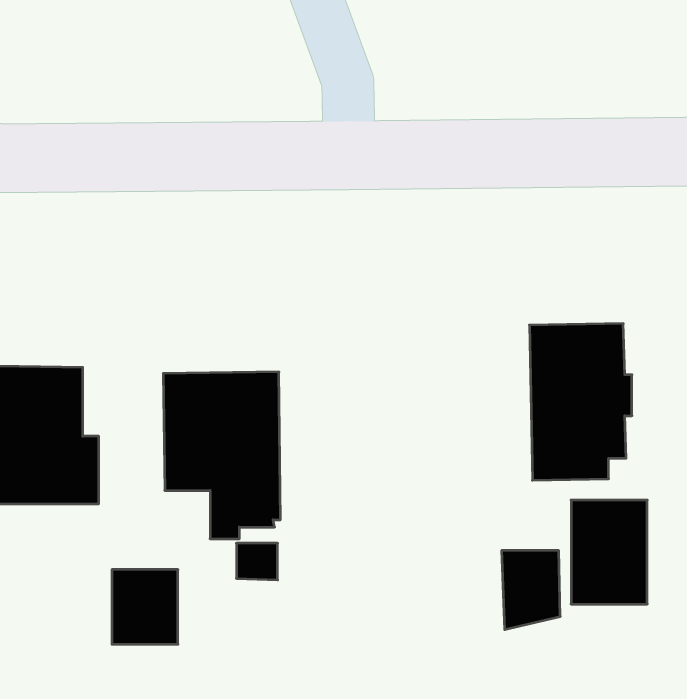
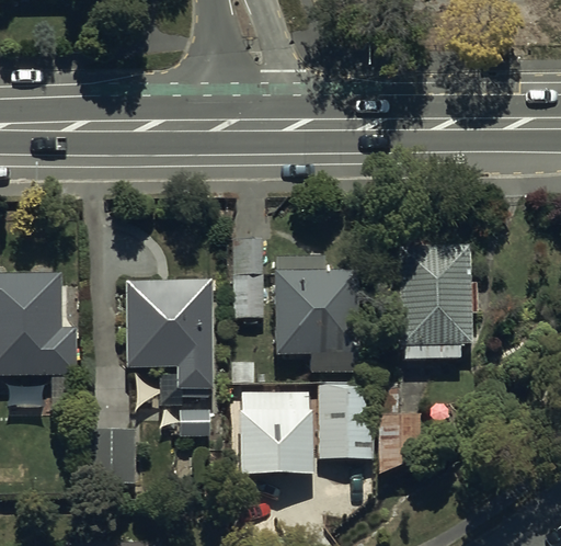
building: none -> [276,253,356,372]
building: [571,500,647,604] -> [317,380,374,458]
building: none -> [239,389,312,466]

